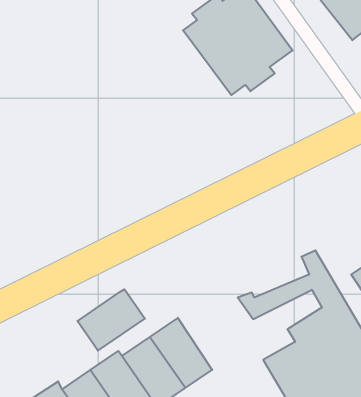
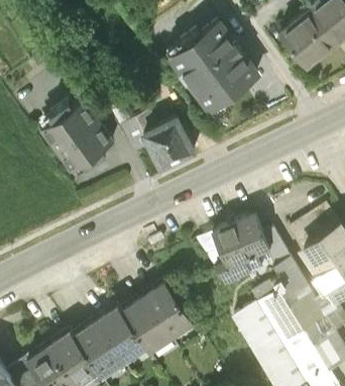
building: none -> [43,101,114,172]
building: none -> [122,119,194,169]
building: none -> [212,216,270,269]
building: [77,289,145,351] -> none

